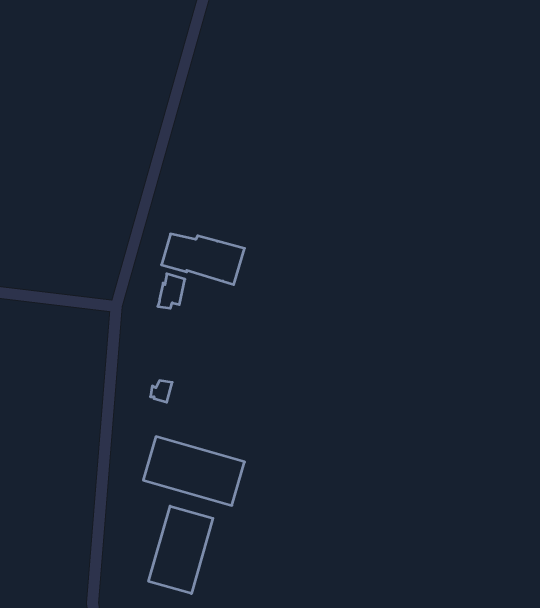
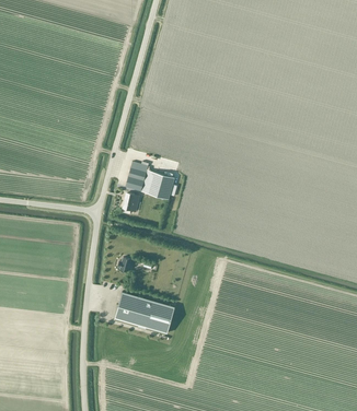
building: [149,506,213,594] -> none

